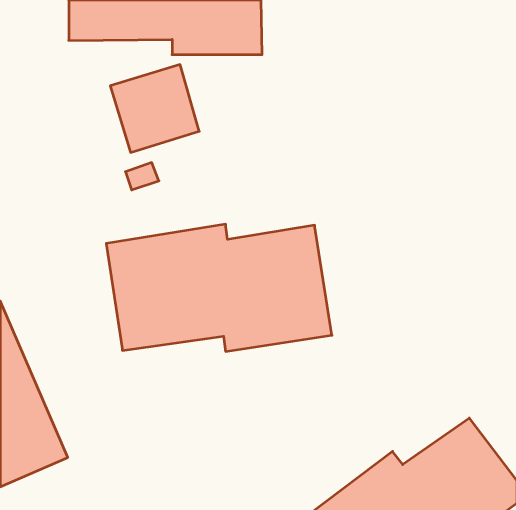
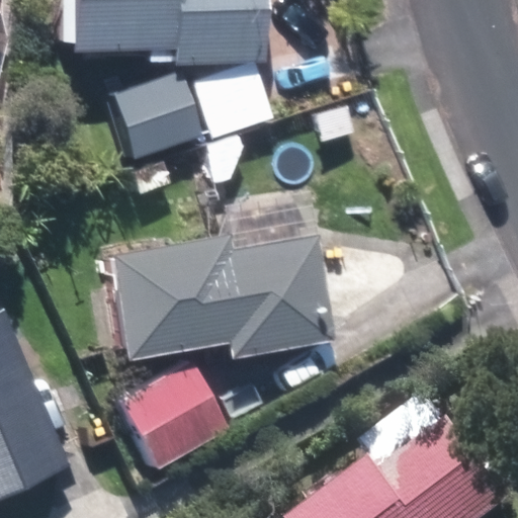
building: none -> [119,361,226,467]

